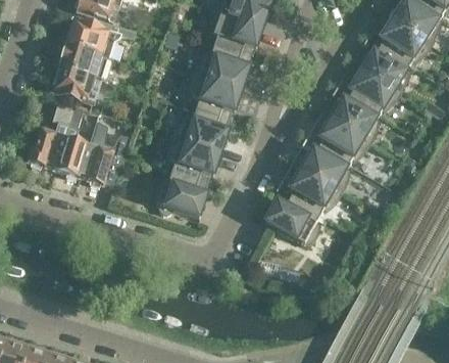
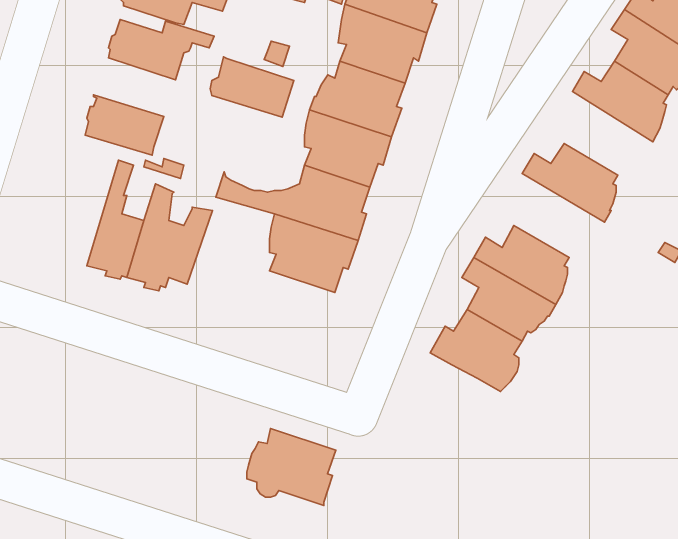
building: [58,41,109,78] -> [210,57,294,117]
building: [344,62,400,114] -> none
building: [28,99,74,169] -> none
building: [313,112,370,164] -> none
building: [152,172,206,219] -> [247,428,336,506]

